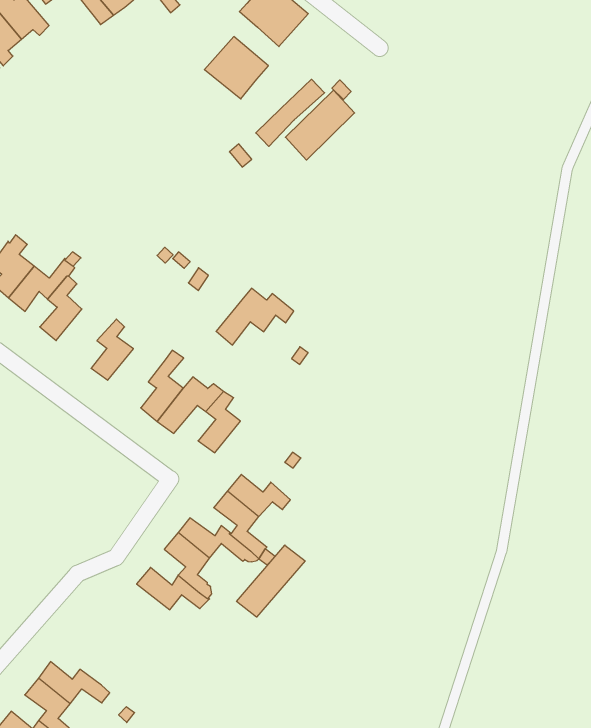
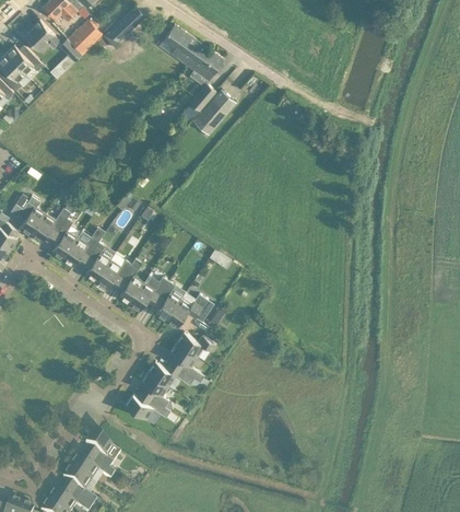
building: [204,37,268,99] -> [184,43,223,81]
building: [216,288,294,345] -> [165,291,212,327]
building: none -> [61,237,97,266]
building: none -> [95,259,130,288]
building: [237,545,305,617] -> none
building: none -> [82,434,111,469]

